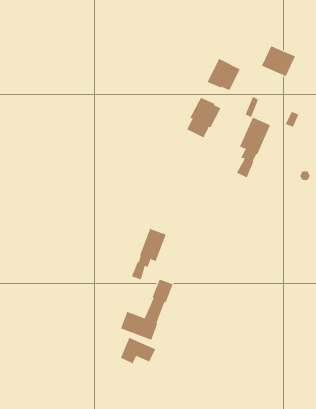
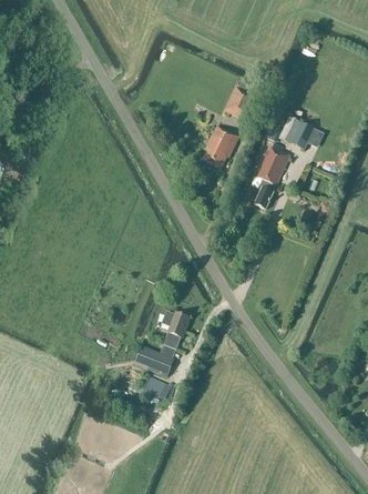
building: [261,45,296,77] -> [278,117,314,149]
building: [131,228,166,280] -> none

